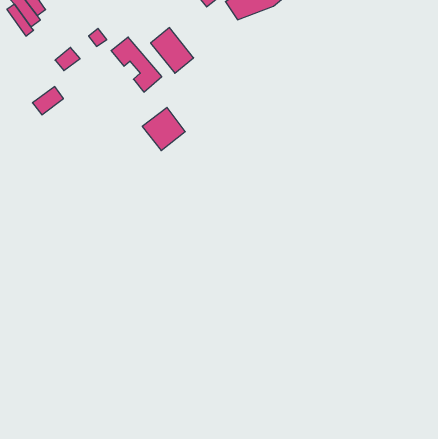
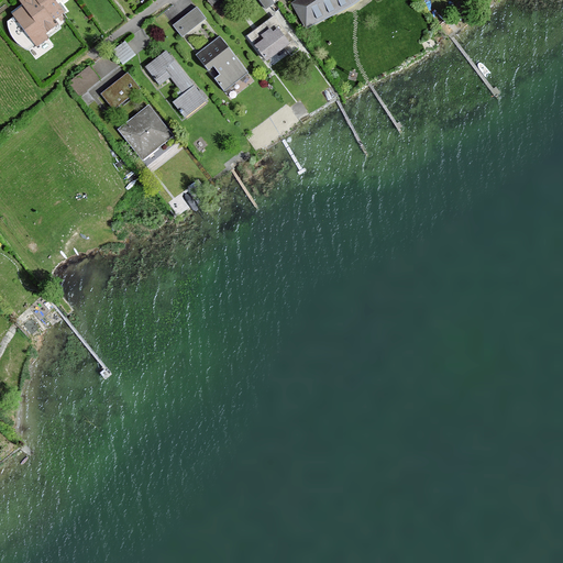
building: none -> [172,5,206,36]
building: none -> [251,23,290,63]
building: [32,87,63,115] -> [99,71,139,108]
building: [142,107,185,151] -> [119,103,174,158]

